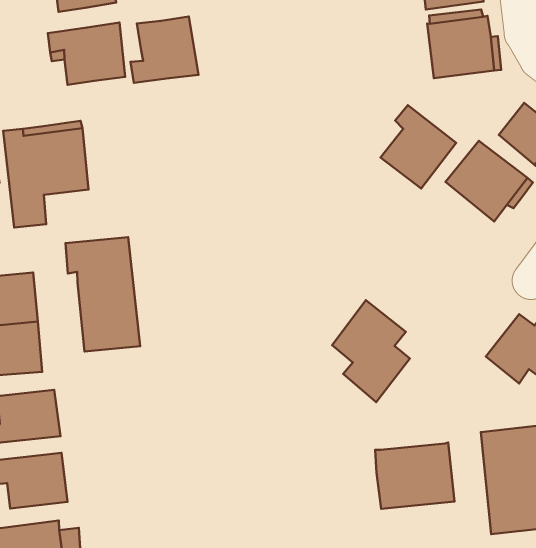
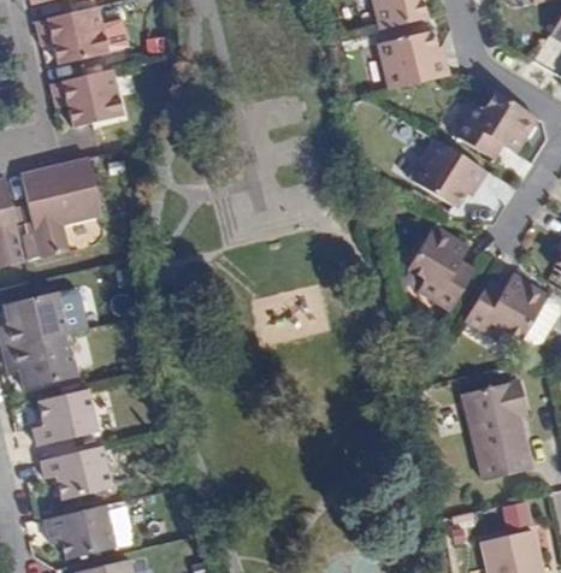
building: [130,16,199,83] -> none
building: [381,105,456,189] -> none
building: [66,237,140,352] -> none
building: [332,300,410,402] -> [402,229,471,317]
building: [375,443,454,509] -> none

